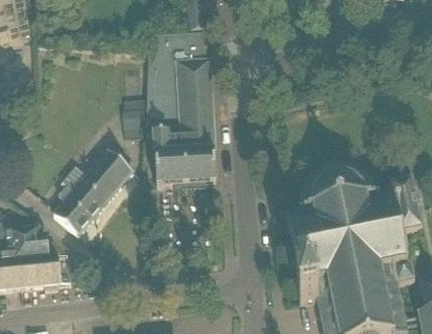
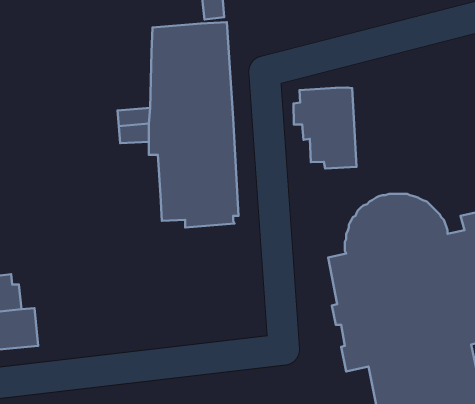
building: none -> [294,88,356,169]
building: [54,149,133,234] -> none

